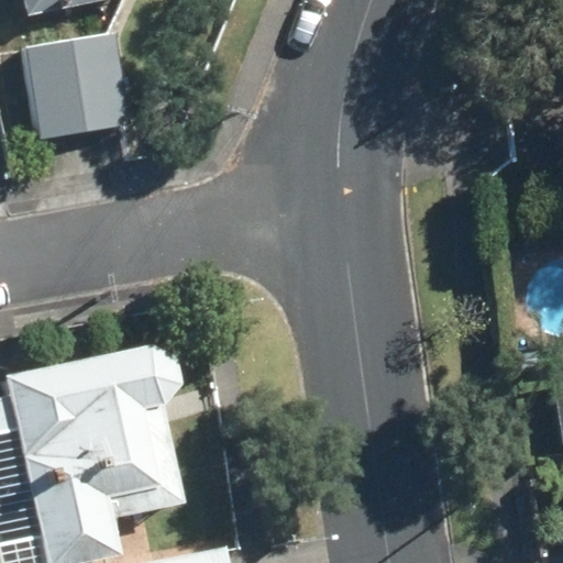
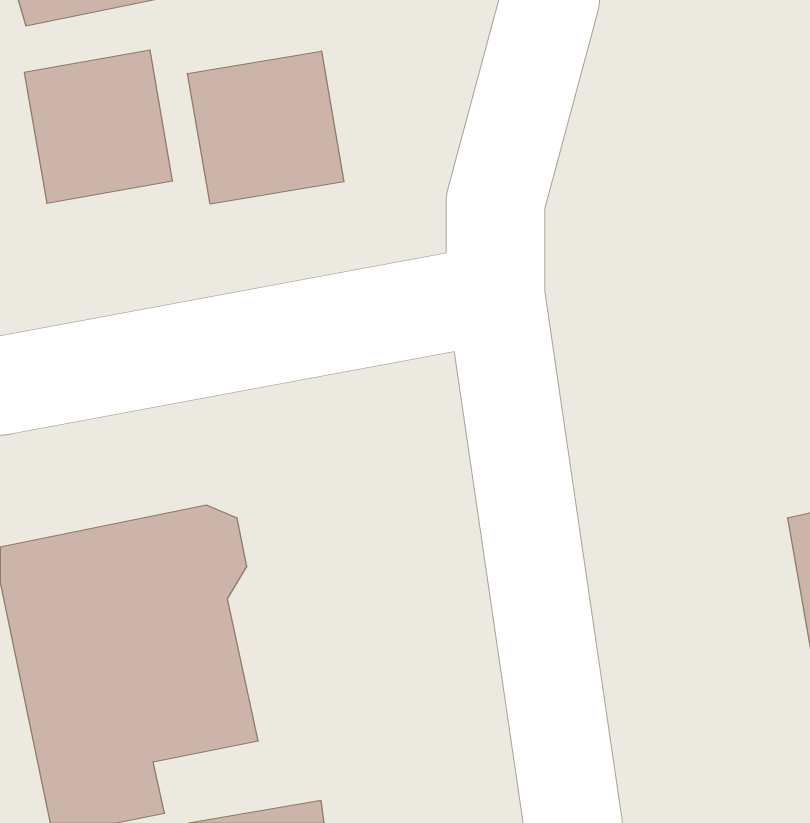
building: none -> [188,51,344,204]

